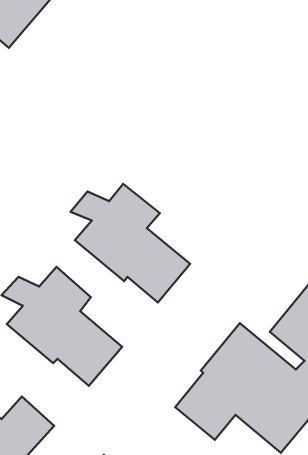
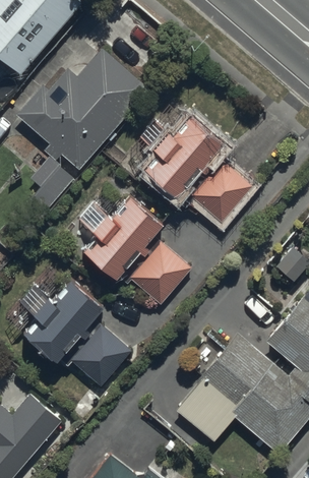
building: none -> [16,47,149,200]
building: none -> [140,118,254,231]

